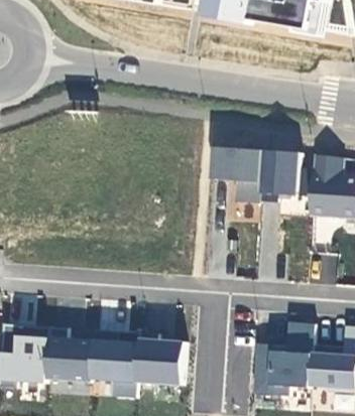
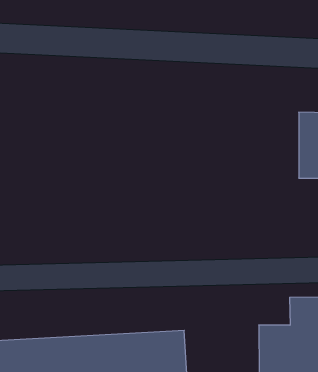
building: [209,144,303,222] -> none

